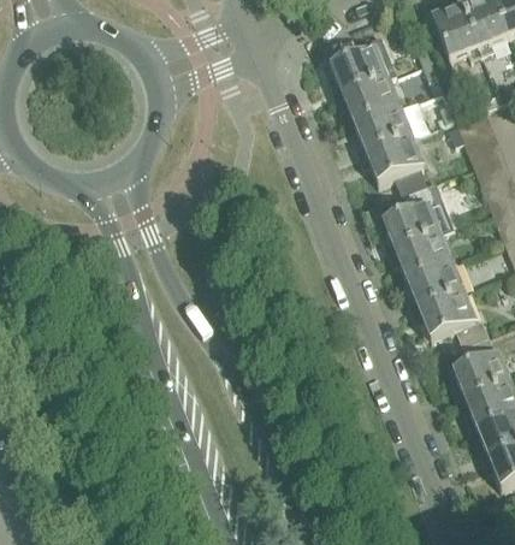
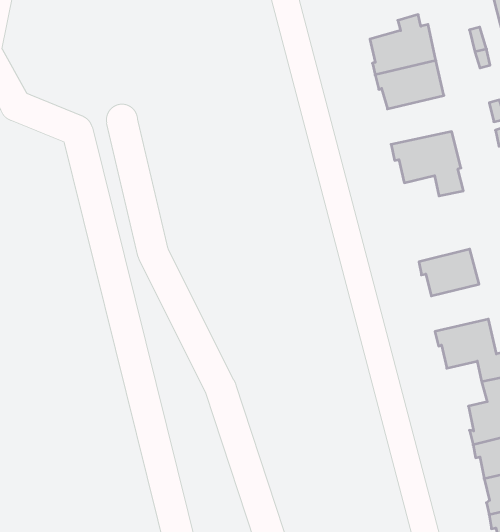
building: [351,101,409,149] -> none
building: [387,180,438,247] -> none
building: [410,259,462,304] -> none

